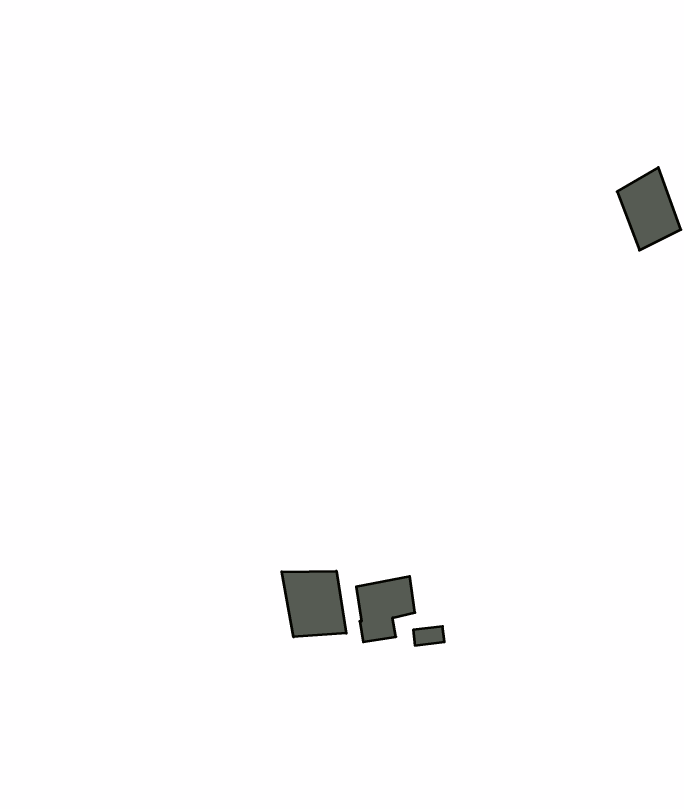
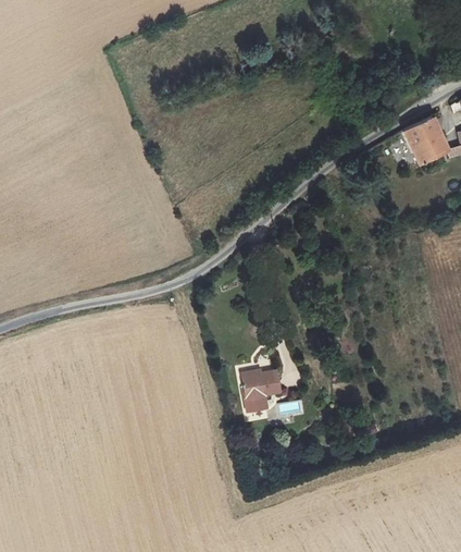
building: [282,571,346,637] -> none

